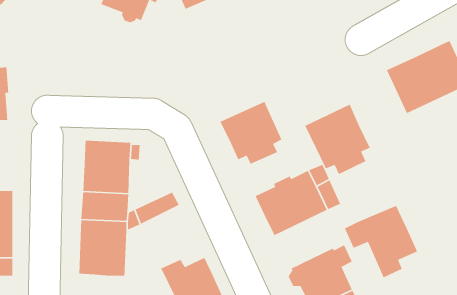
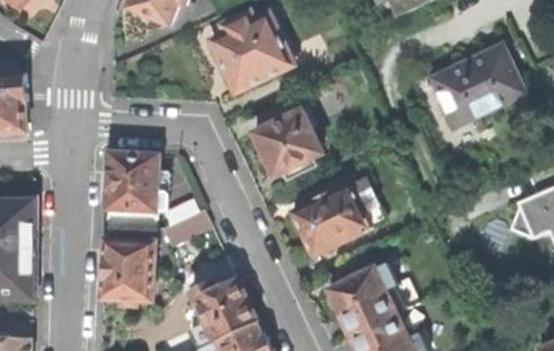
building: none -> [209,10,293,91]
building: [304,103,371,175] -> none
building: [344,205,418,278] -> none

